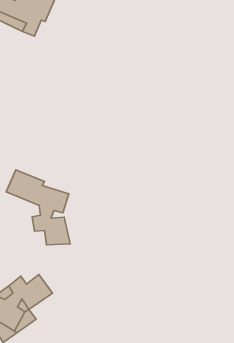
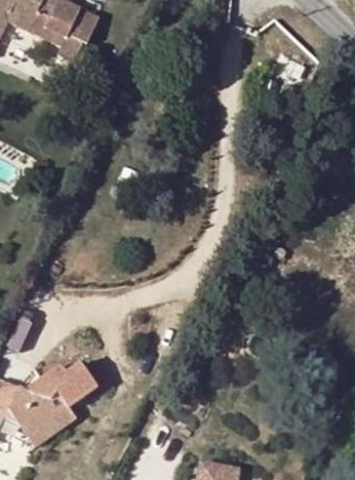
building: [6,170,70,245] -> none

